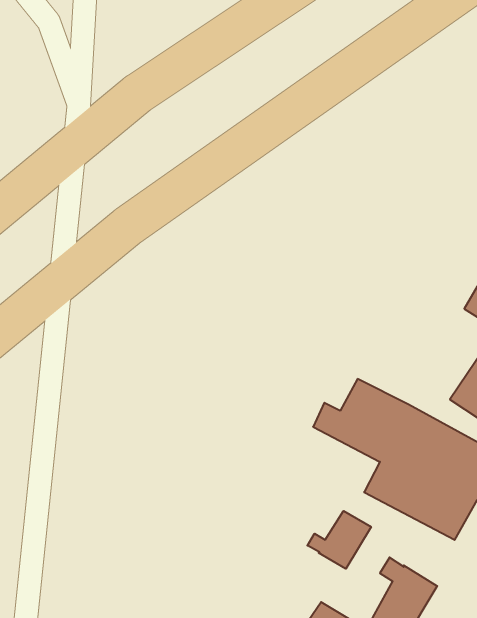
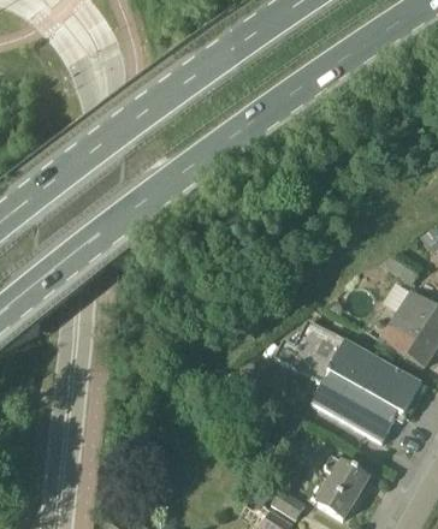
building: [307,511,371,569] -> none

